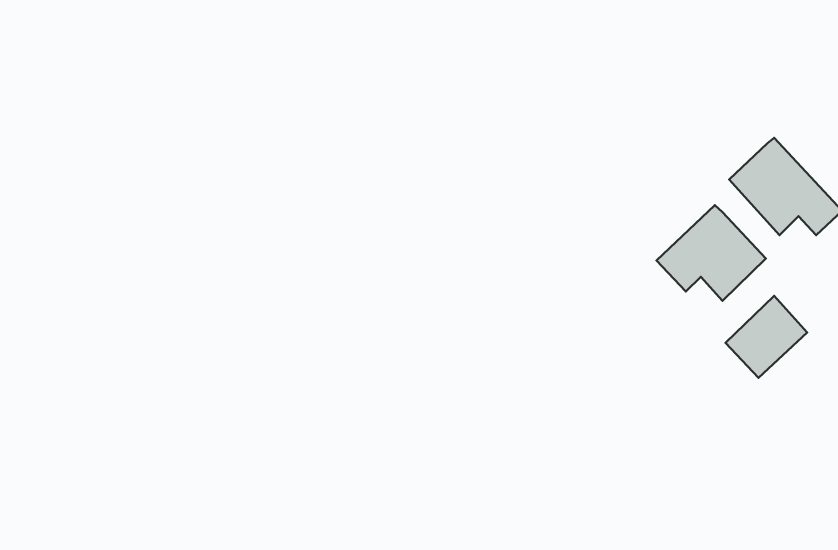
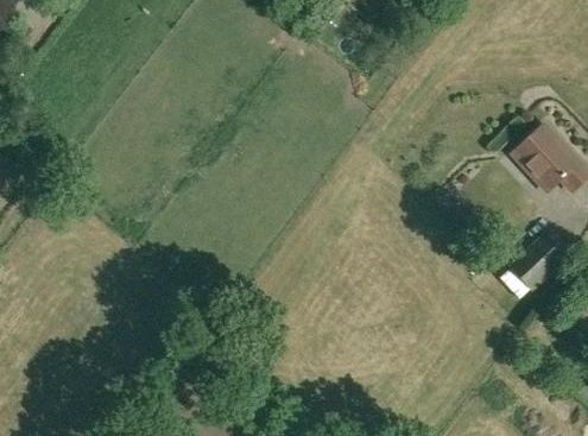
building: [656,205,766,301] -> none

